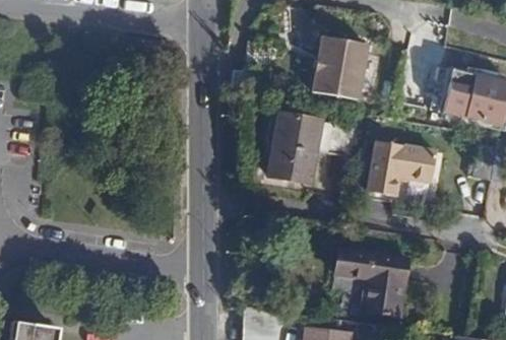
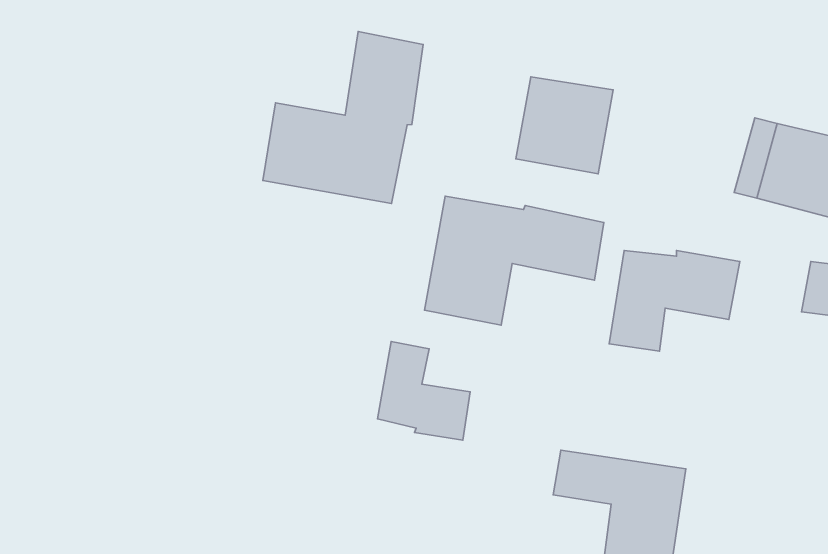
building: none -> [263,32,423,204]
building: none -> [377,342,470,440]

